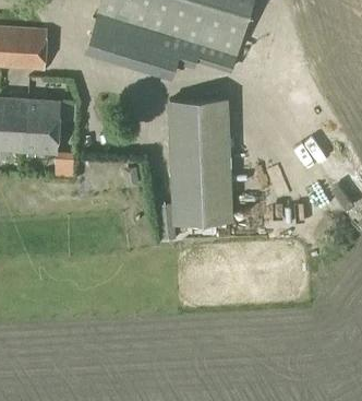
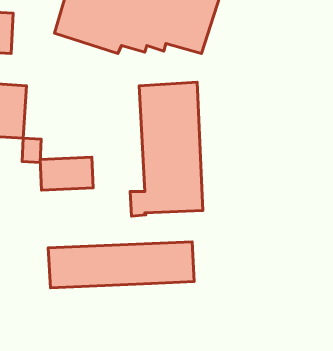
building: none -> [40,157,93,190]
building: none -> [48,242,194,288]

